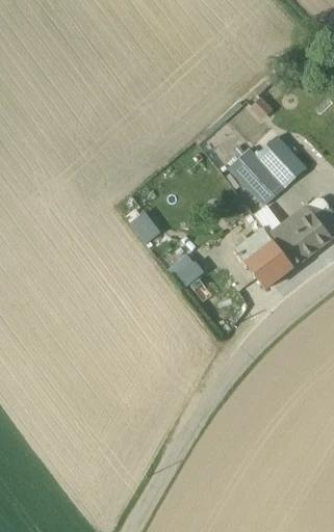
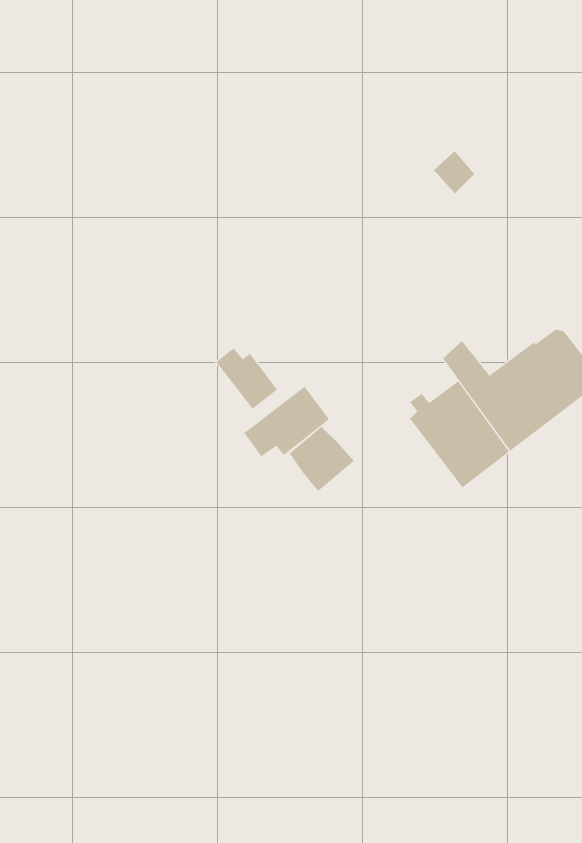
building: [228,136,307,205] -> none
building: none -> [243,386,330,457]

